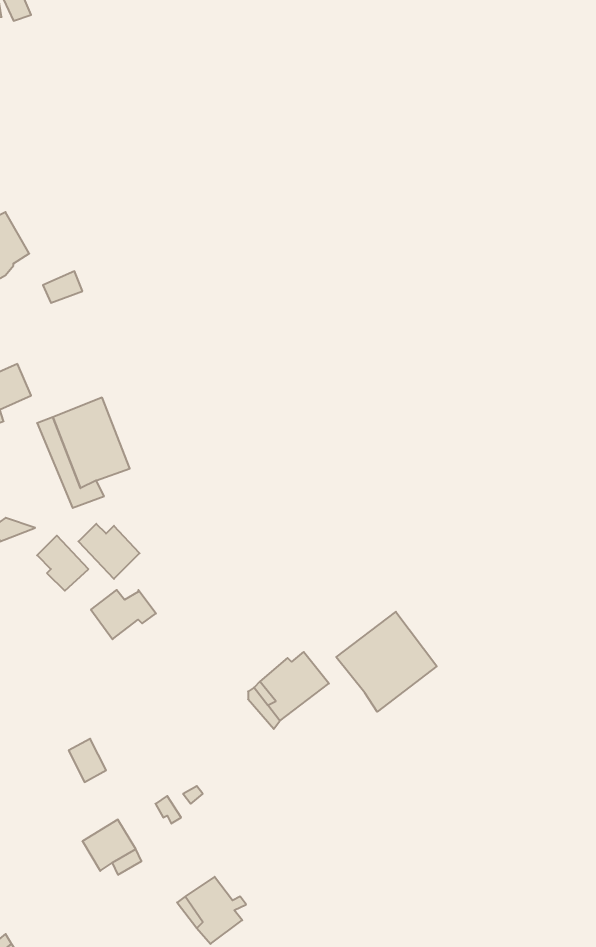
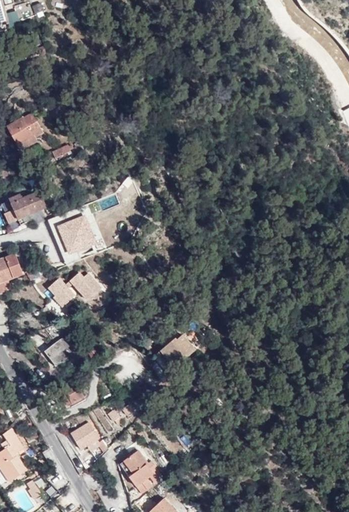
building: [91,590,156,639] -> [46,340,79,365]
building: [336,612,437,712] -> none

